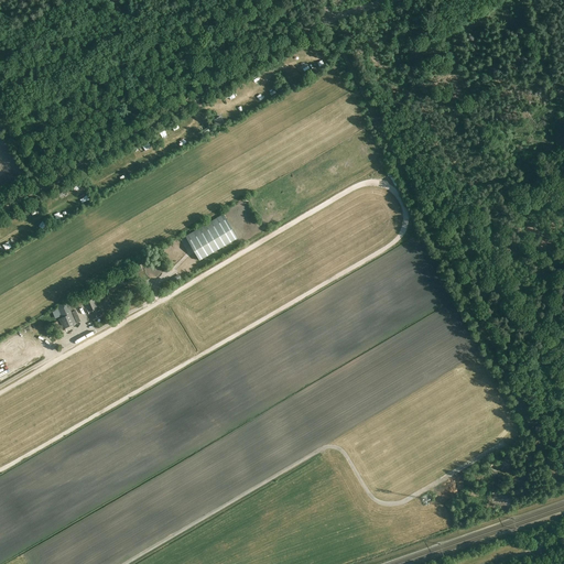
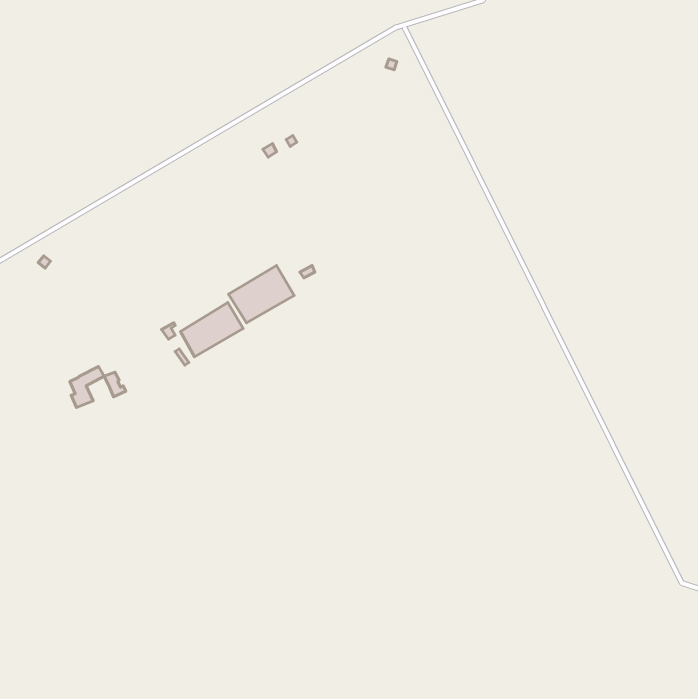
building: none -> [180,303,243,357]

